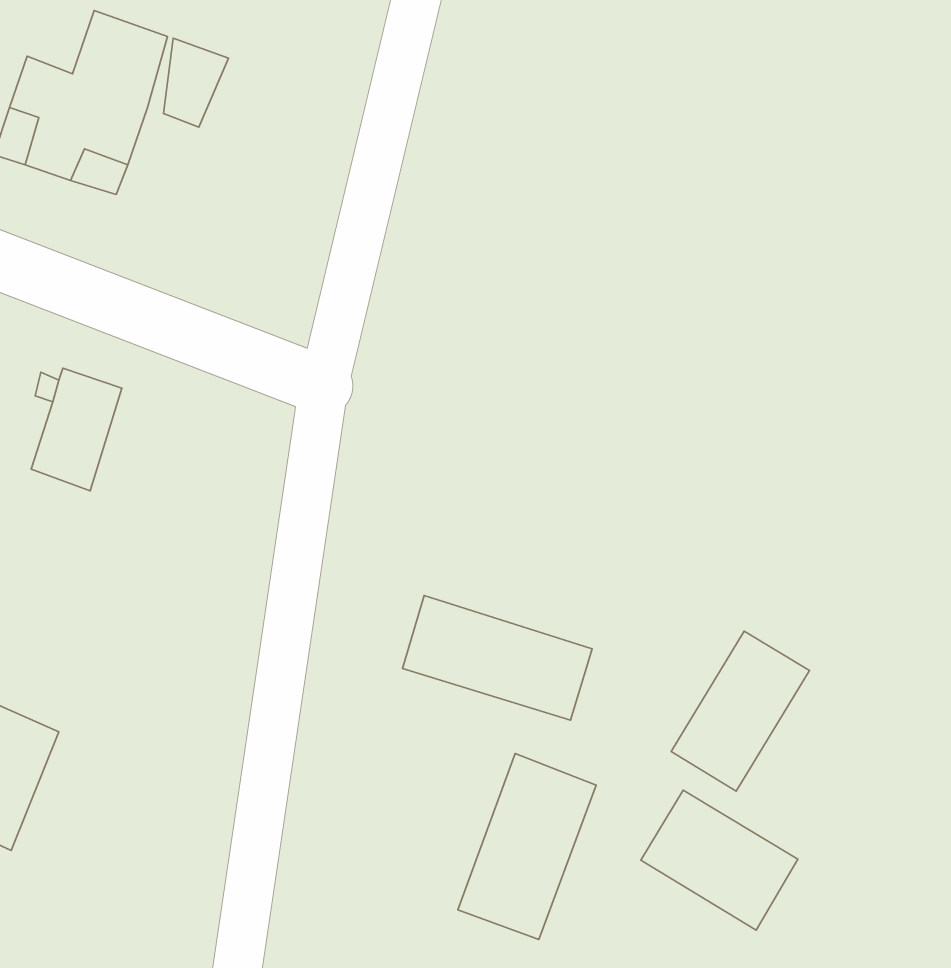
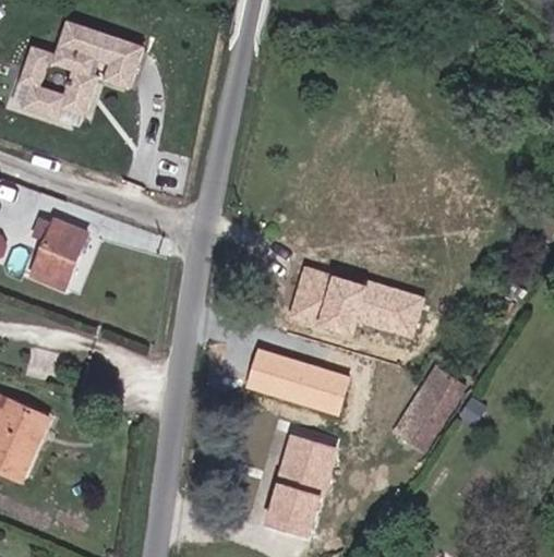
building: none -> [278,263,421,339]
building: [641,790,798,930] -> none

